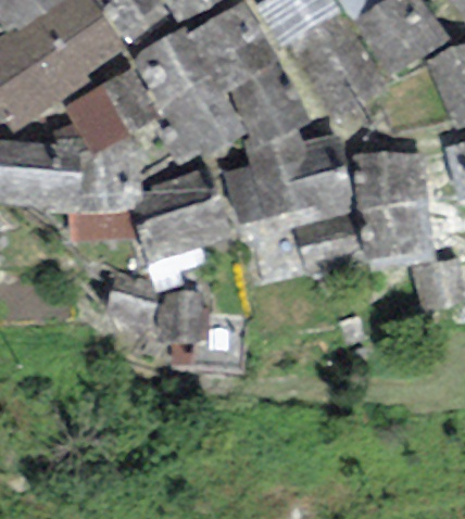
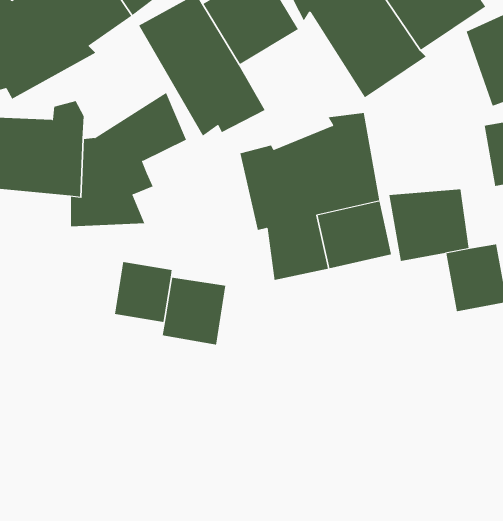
building: [223,58,310,167] -> none
building: [66,68,156,156] -> none
building: [353,147,425,208] -> none
building: [126,164,228,264] -> none

